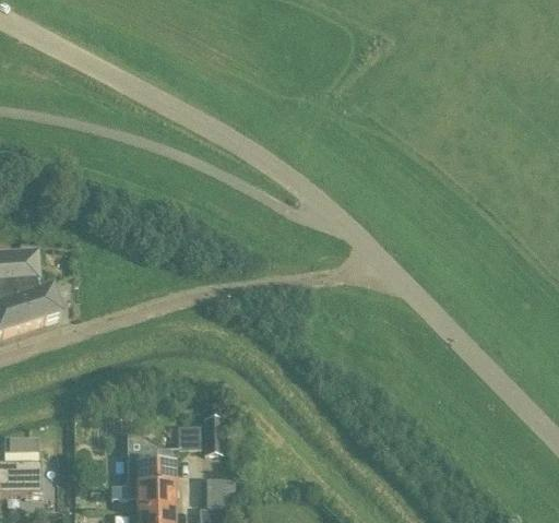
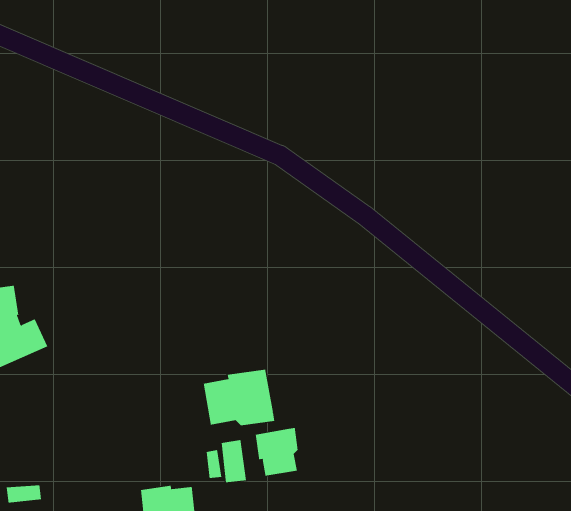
building: none -> [203,369,275,426]
building: none -> [255,427,298,477]

